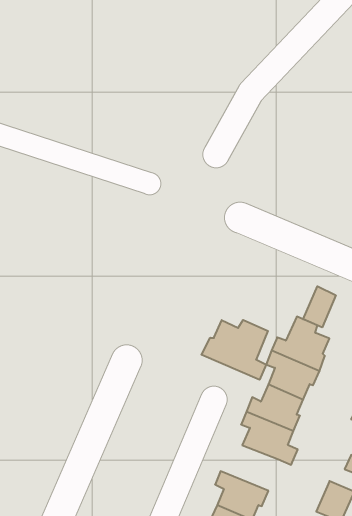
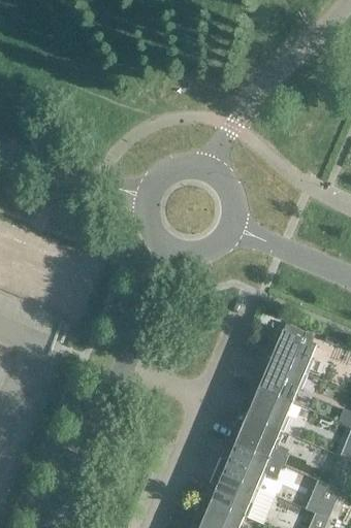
building: [303,286,336,327] -> none
building: [201,320,268,380] -> none
building: none -> [214,444,268,488]

